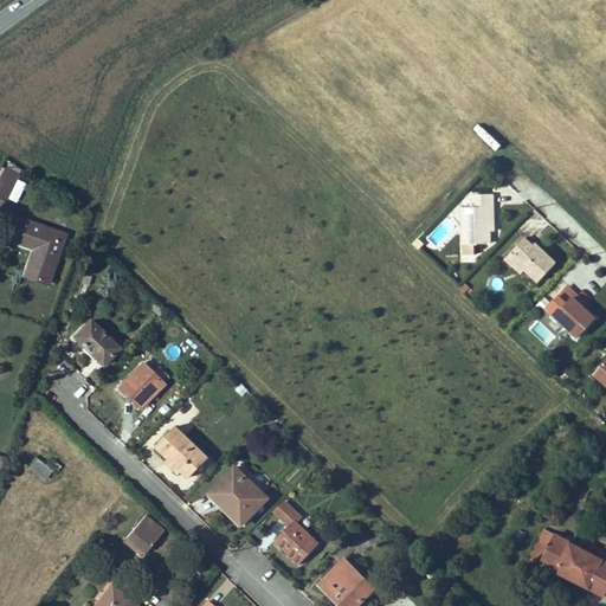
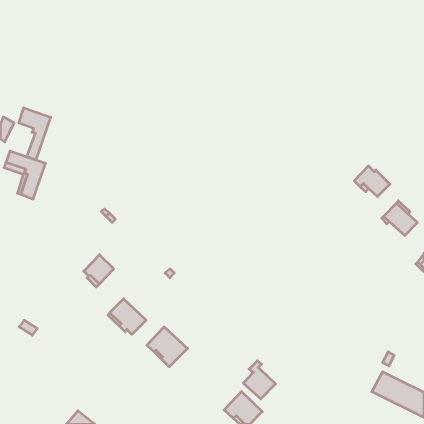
building: none -> [19,108,51,160]
building: [462,193,494,262] -> none
building: [75,321,118,367] -> none
building: [273,509,320,563] -> [243,361,276,399]
building: [124,515,162,555] -> none

